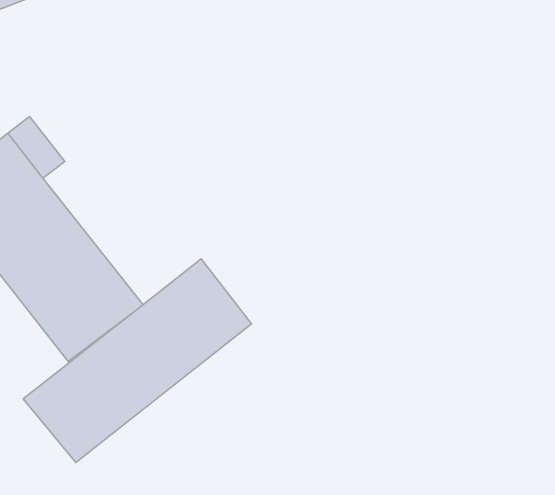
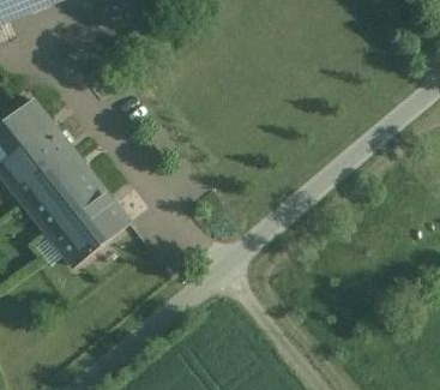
building: [23,259,252,462] -> none

